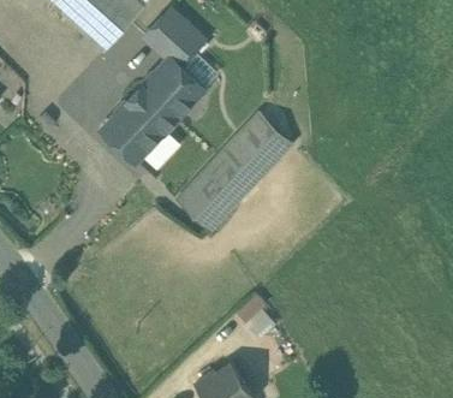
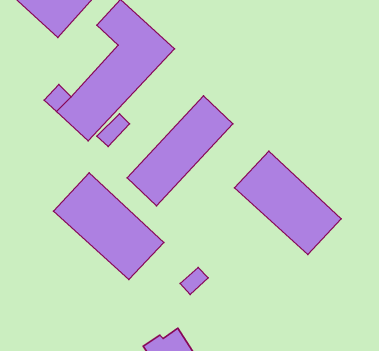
building: none -> [235,151,341,254]
building: none -> [53,173,164,280]

